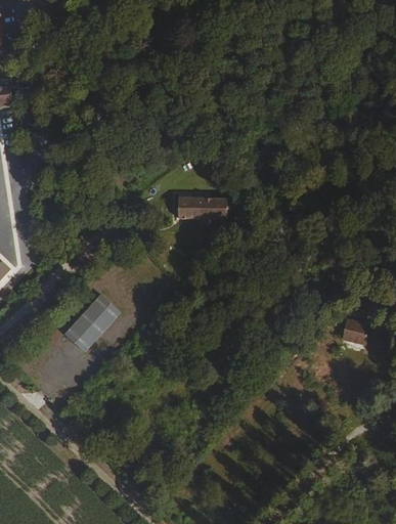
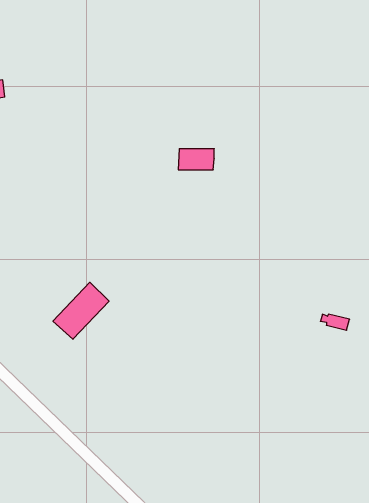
building: [188,199,225,220] -> [178,149,214,170]

